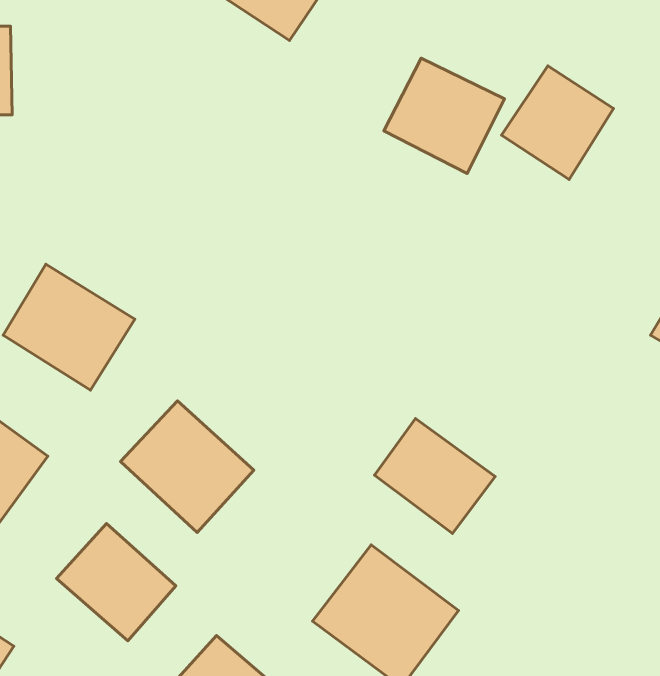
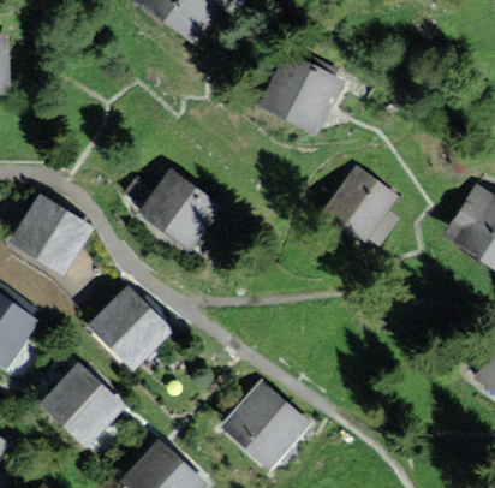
building: [502,66,614,180] -> [326,166,401,243]
building: none -> [141,171,223,248]
building: [375,418,495,534] -> none

